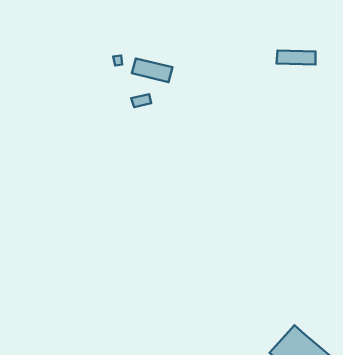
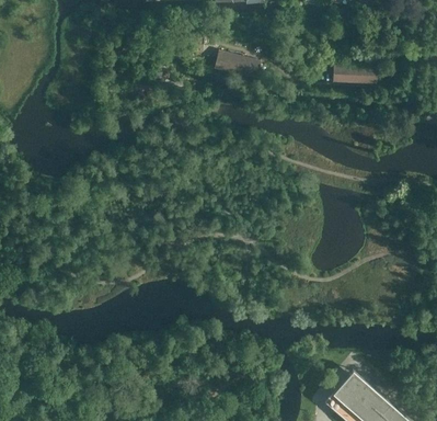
building: [132,58,173,82] -> [215,53,260,79]

